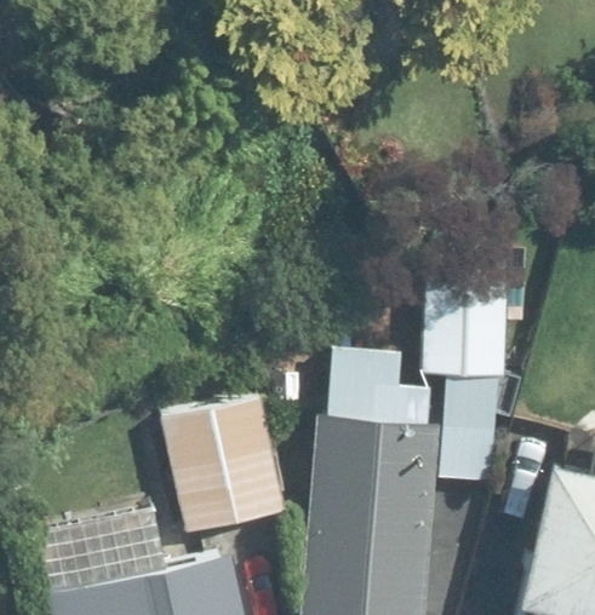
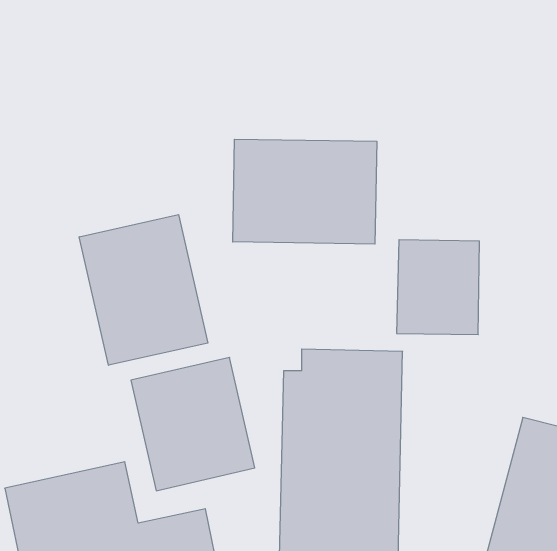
building: none -> [233,139,377,244]
building: none -> [79,215,208,365]

